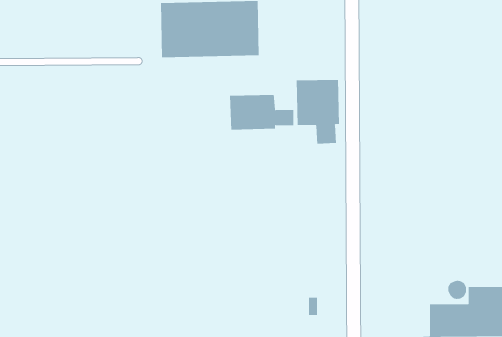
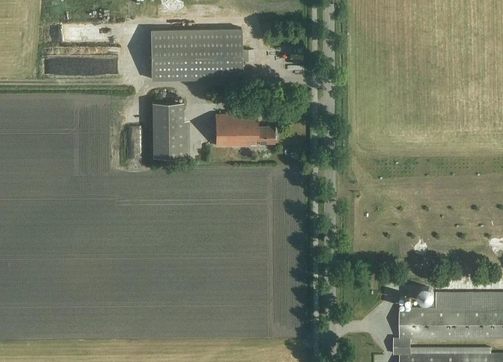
building: [296,79,339,144] -> none
building: none -> [152,101,190,156]

